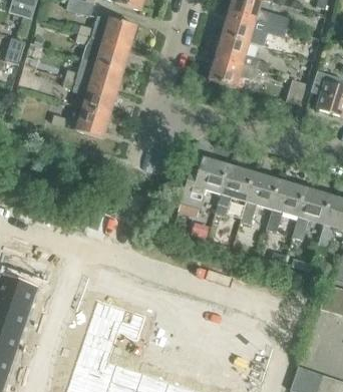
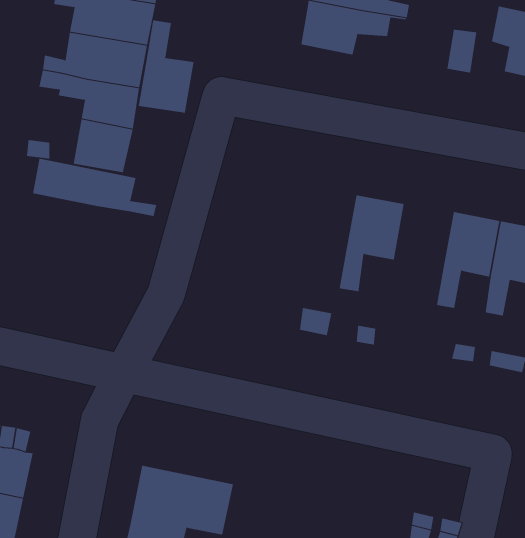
building: none -> [138,19,194,114]
building: none -> [33,158,157,217]
building: [180,156,229,210] -> none
building: [240,172,281,225] -> none

